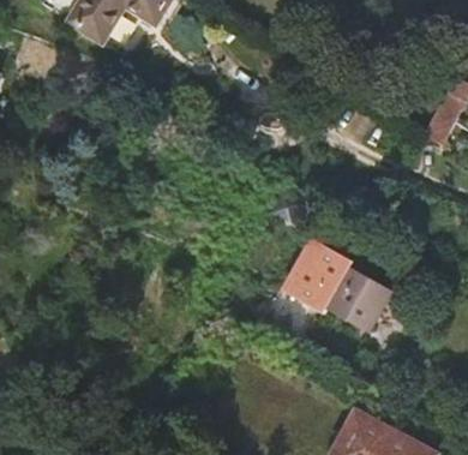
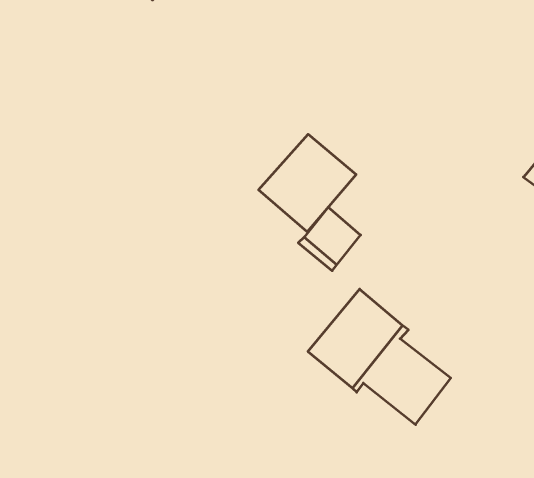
building: none -> [259,134,356,232]

